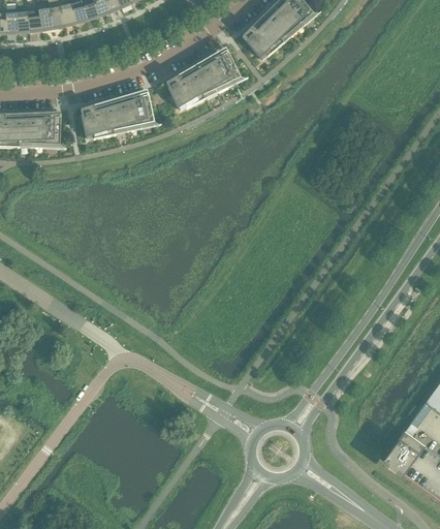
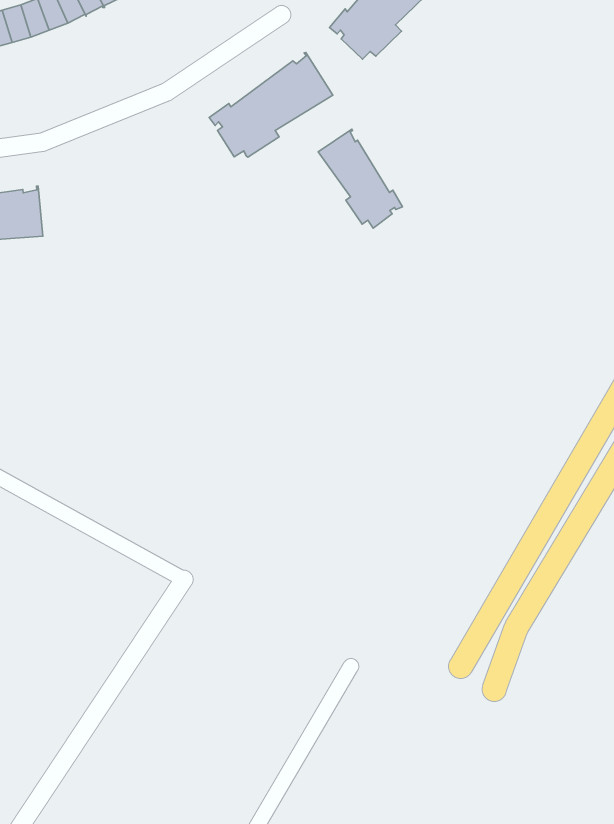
building: [81,90,154,137] -> none
building: none -> [318,129,403,228]

